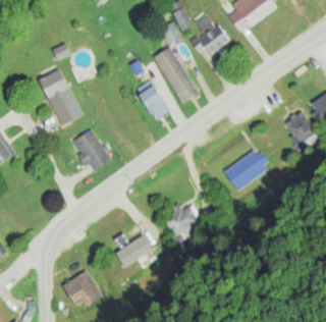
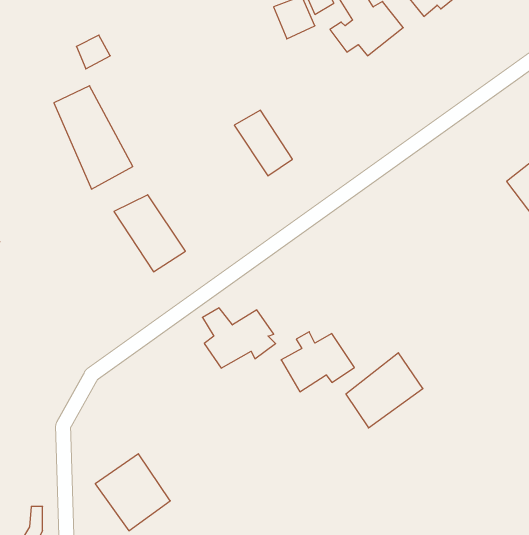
building: [154,47,199,103] -> none
building: [225,150,267,191] -> [346,353,423,428]
building: [113,234,153,267] -> [202,308,276,368]

